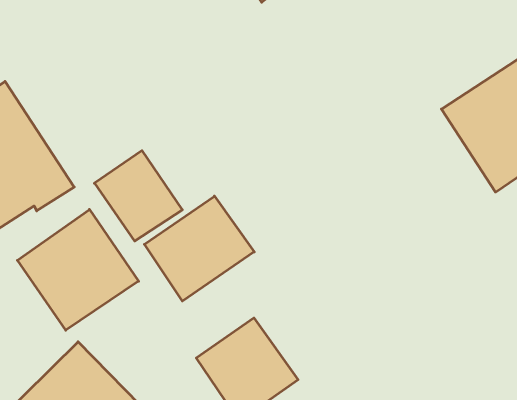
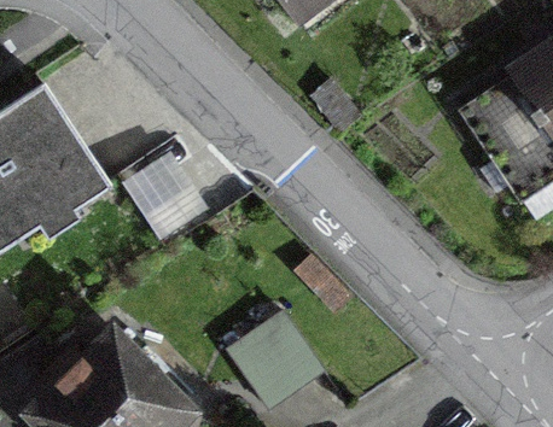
building: [144,196,254,301] -> none
building: [17,209,139,330] -> none

